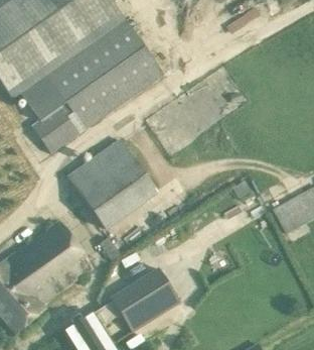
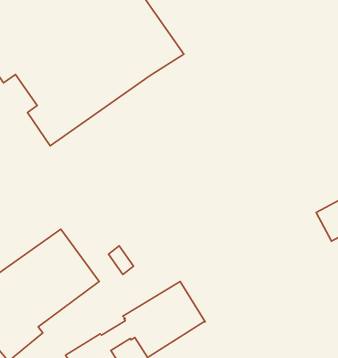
building: [68,139,156,227] -> none

